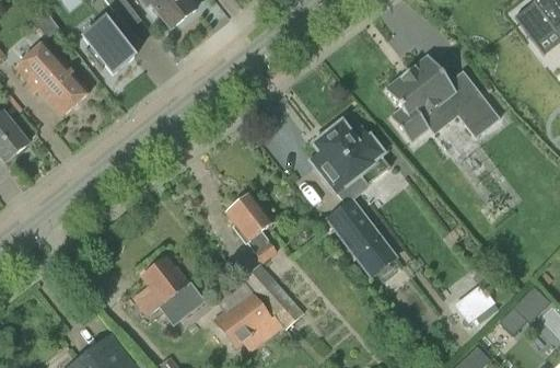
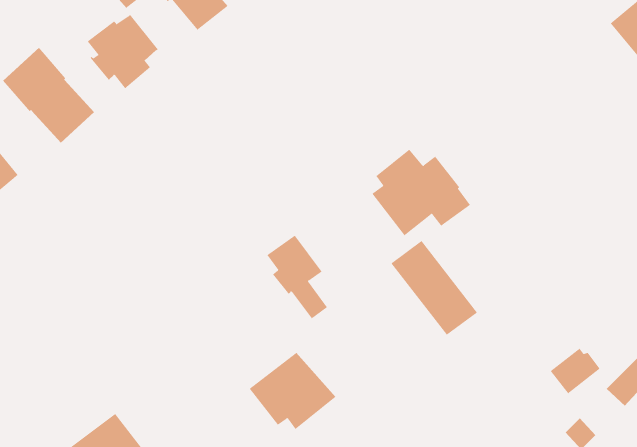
building: [385,57,500,145] -> none
building: [132,257,202,318] -> none
building: [241,262,303,327] -> none

